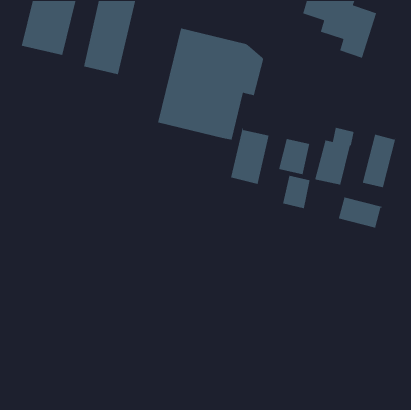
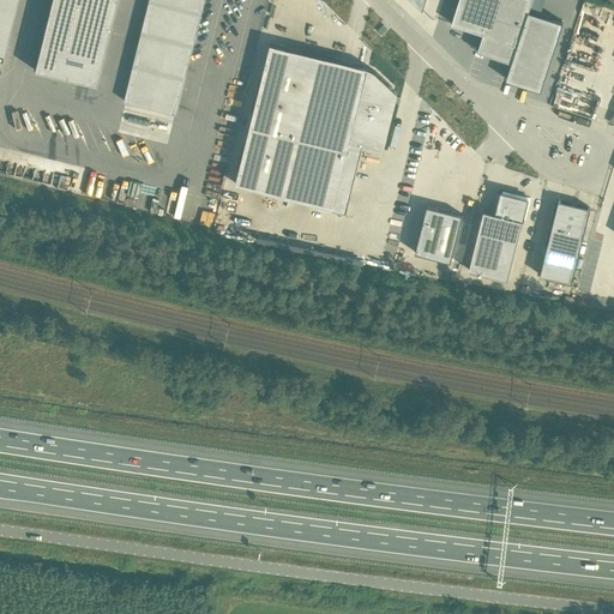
building: [230,127,270,185] -> none
building: [282,175,311,209] -> none
building: [338,197,383,229] -> none

